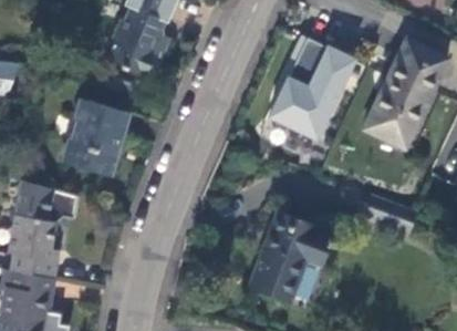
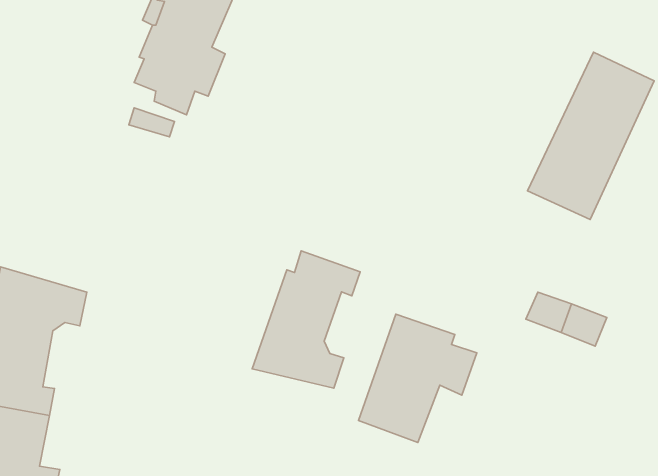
building: [268,35,359,144] -> none
building: [65,100,128,175] -> none
building: none -> [252,251,360,388]

